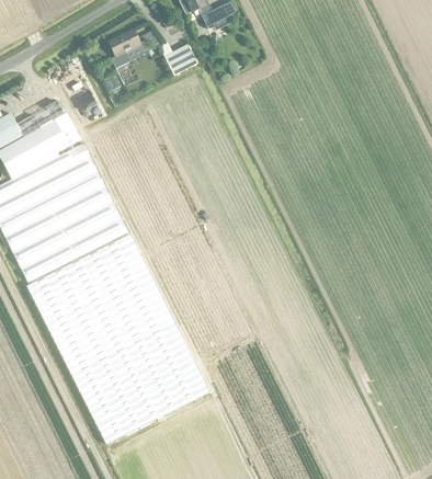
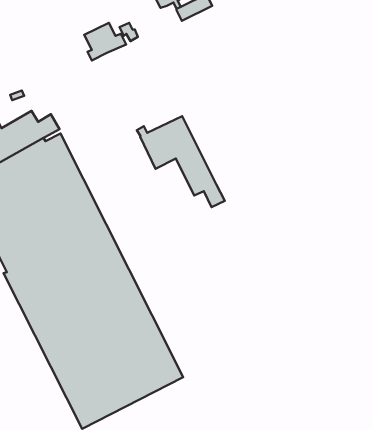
building: [163,42,197,73] -> none
building: none -> [137,116,225,207]

